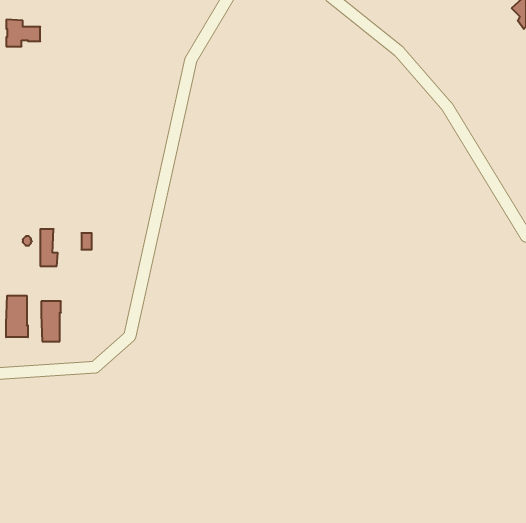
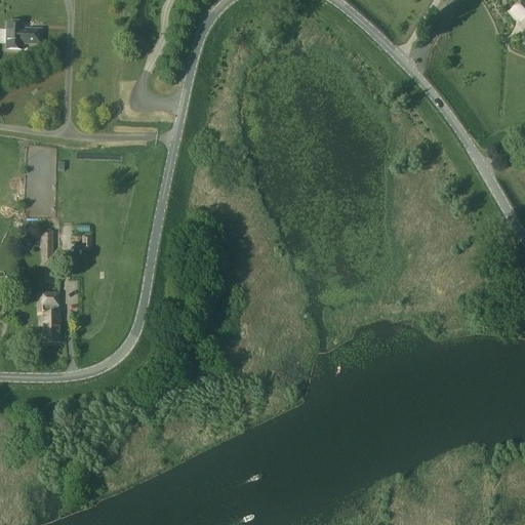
building: [6,296,28,337] -> none

